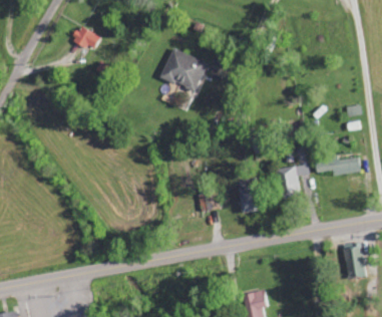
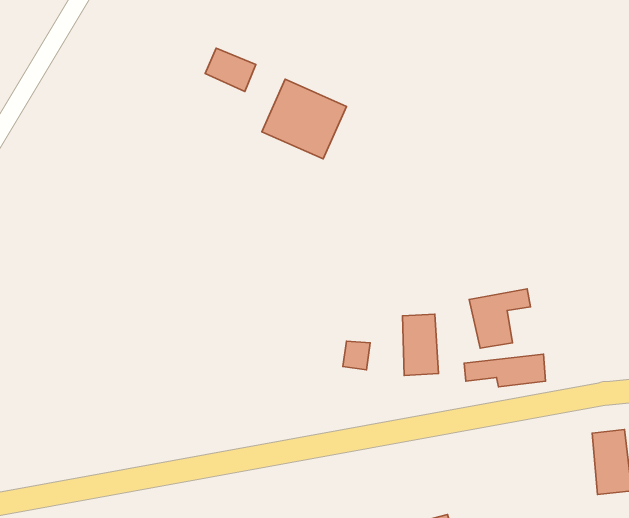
building: [71,27,99,51] -> [205,48,256,92]
building: [314,157,359,176] -> [464,354,545,387]

